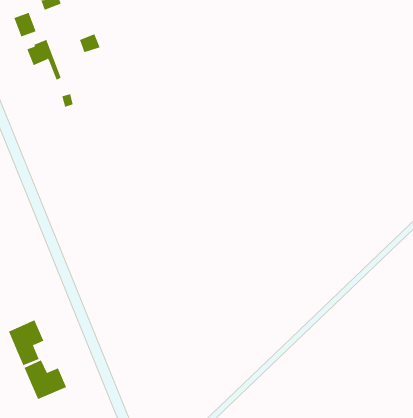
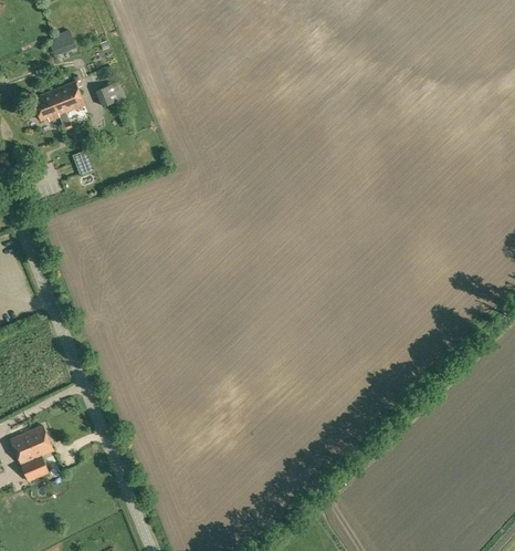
building: [13,12,37,37] -> [56,83,84,113]
building: [24,359,67,400] -> none

